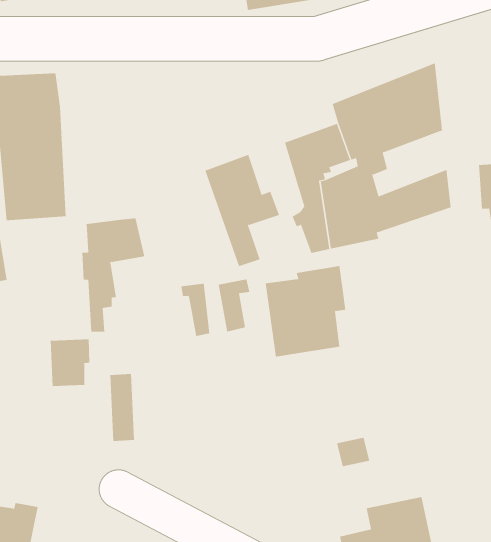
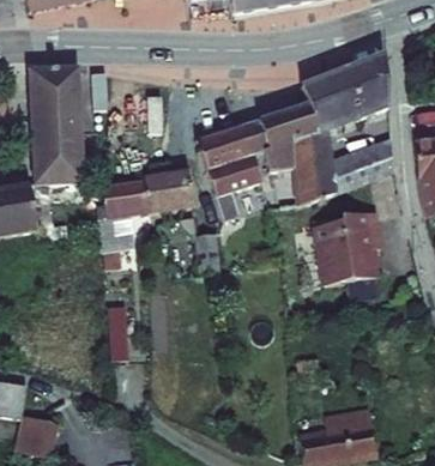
building: none -> [229,121,273,180]
building: none -> [138,169,188,213]
building: [265,265,346,357] -> [322,211,388,285]
building: [50,338,90,387] -> none

